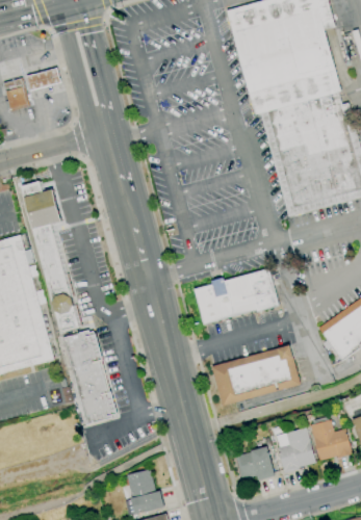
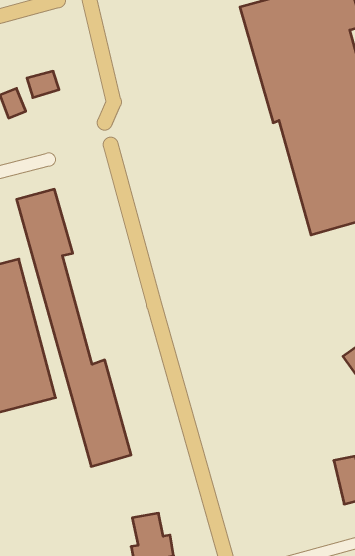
building: [192,268,278,326] -> none
building: [210,345,300,406] -> none
building: [275,427,315,472] -> none
building: [235,448,274,480] -> none

